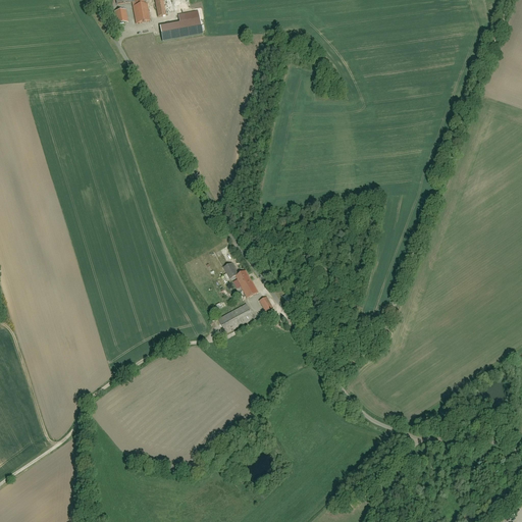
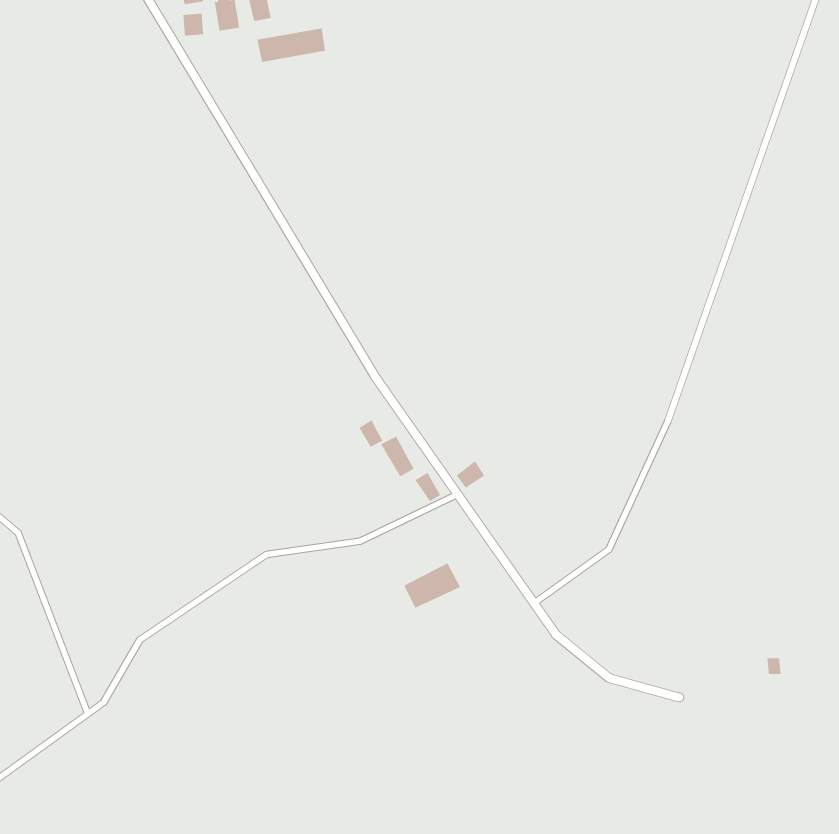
building: [217,302,253,330] -> [403,562,461,608]

